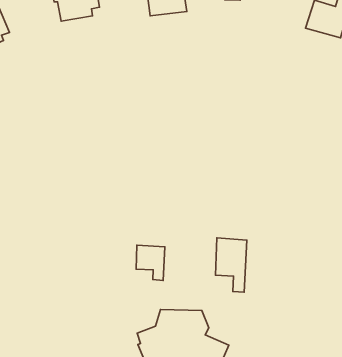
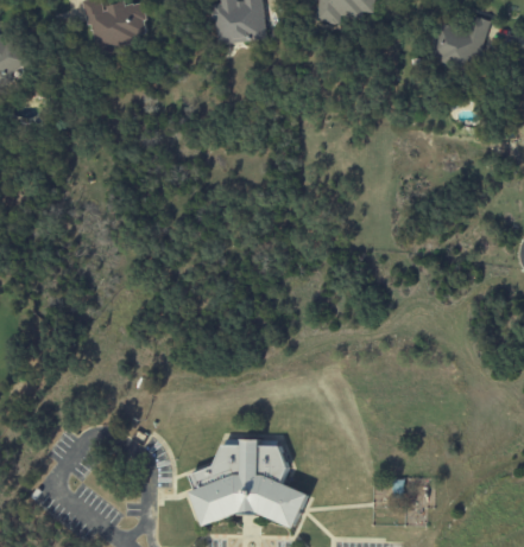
building: [215,238,247,292] -> none
building: [136,245,165,280] -> none

